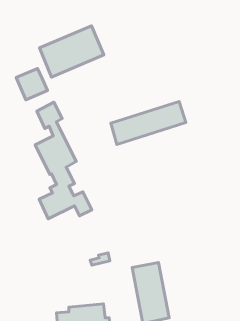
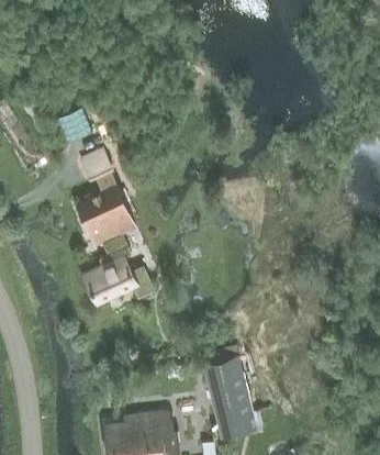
building: [40,26,104,77] -> none
building: [111,101,186,145] -> none

